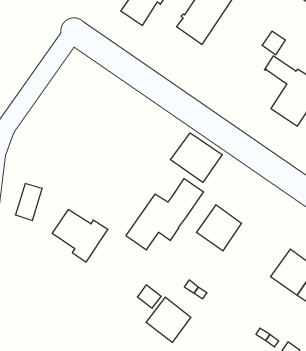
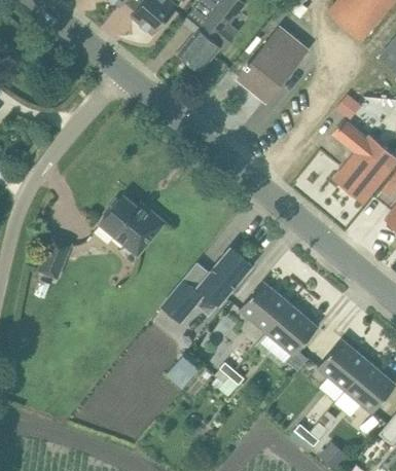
building: [170,133,222,182] -> none
building: [52,210,108,262] -> [101,195,164,256]
building: none -> [265,304,317,356]
building: [146,297,191,342] -> none

